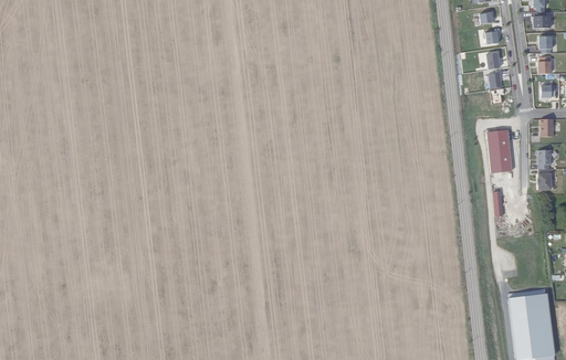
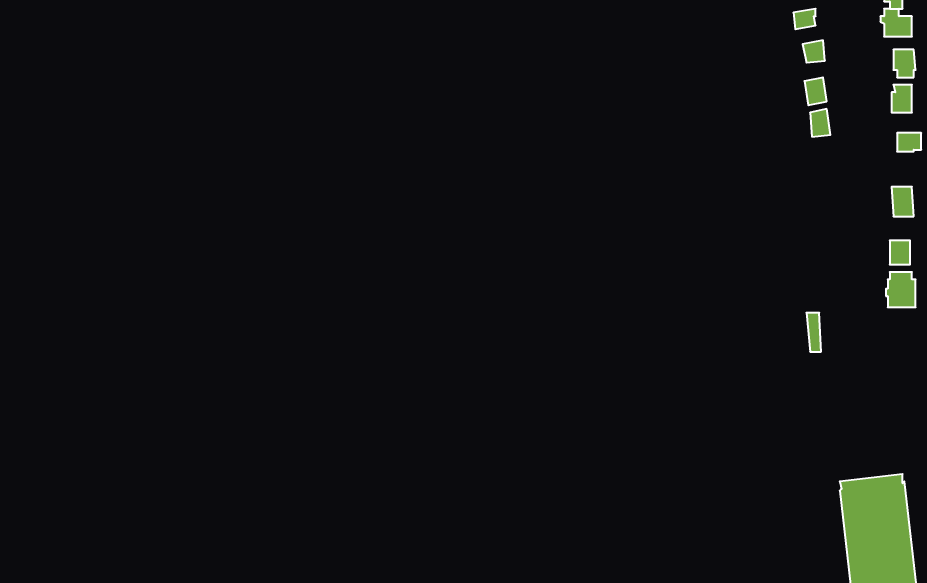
building: [481,129,509,174] -> none

